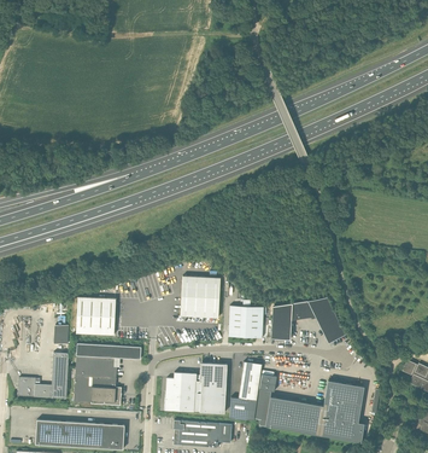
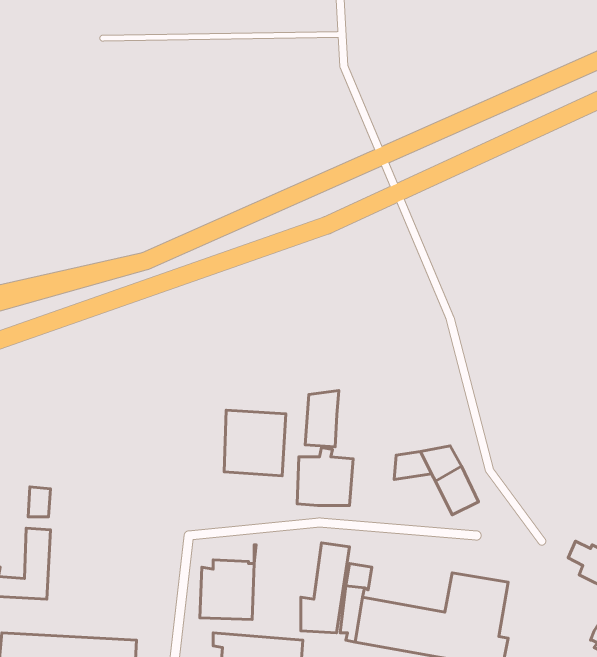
building: [76,296,116,335] -> none
building: [270,304,292,341] -> [305,391,339,447]
building: [74,343,141,405] -> none
building: [199,362,227,413] -> none

